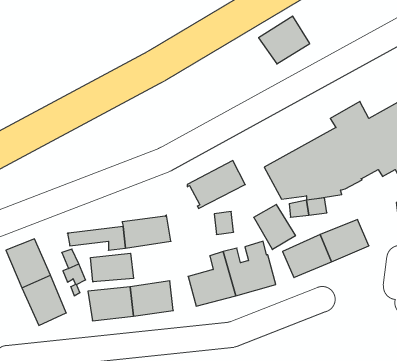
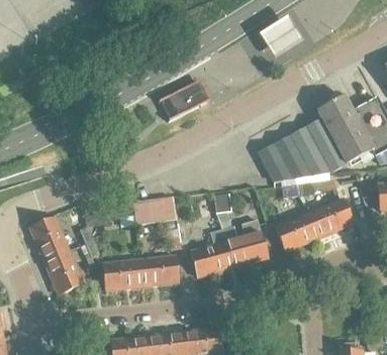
building: [187,161,245,208] -> [159,79,210,121]
building: [254,204,295,250] -> none
building: [91,253,134,282] -> none

